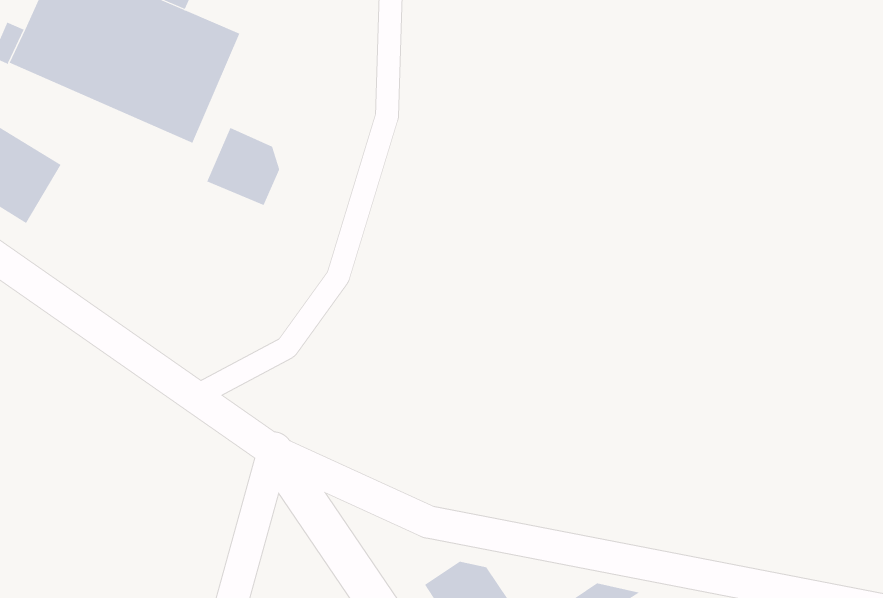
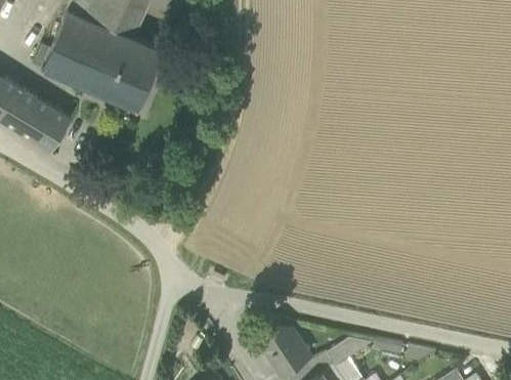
building: [206,127,280,206] -> none

